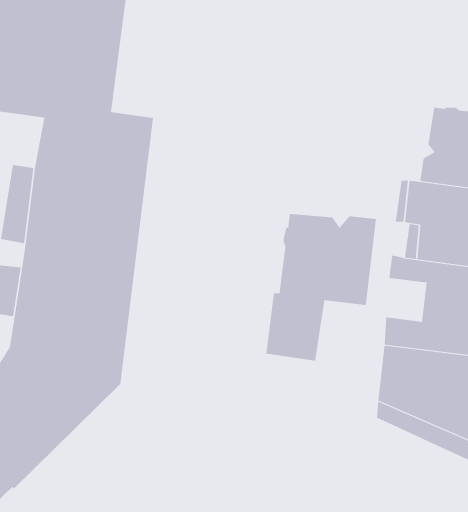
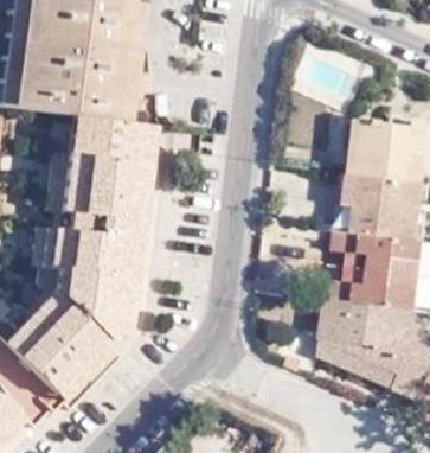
building: [266,213,376,362] -> none

